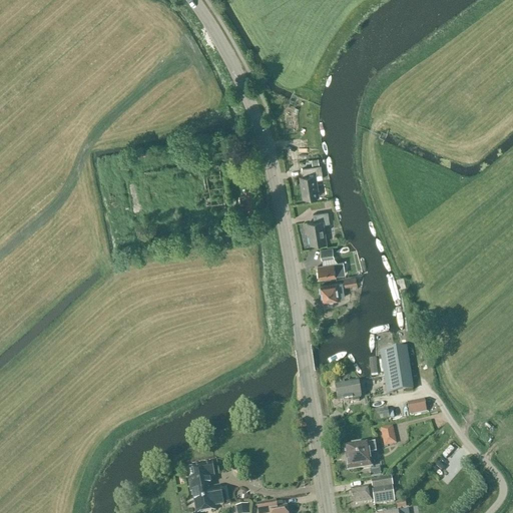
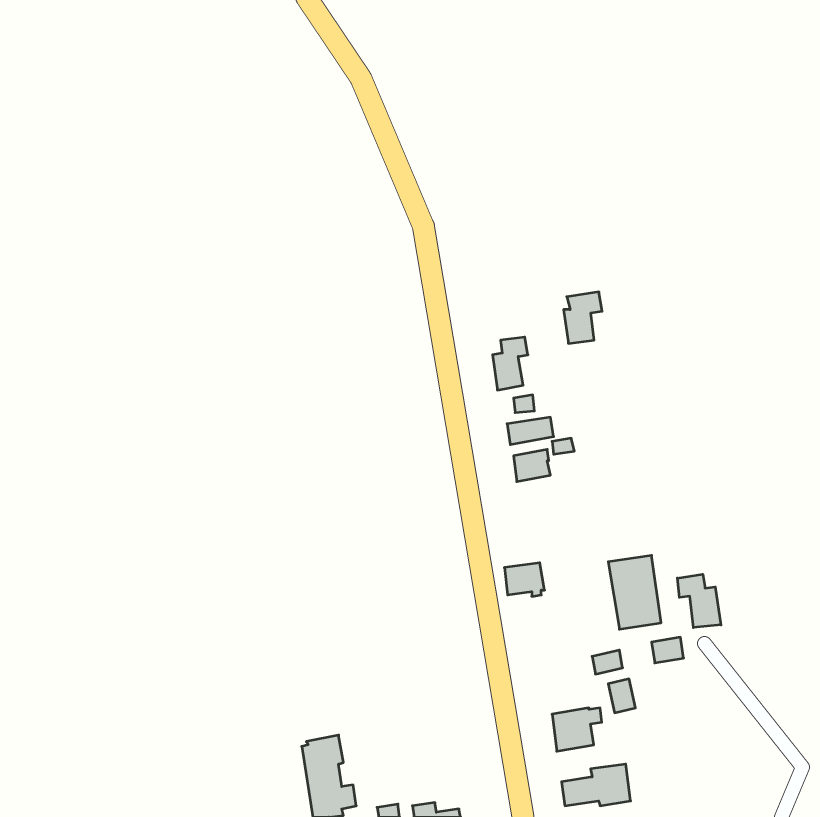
building: [300,164,324,196] -> [564,292,602,343]
building: none -> [677,574,721,628]
building: [336,380,361,401] -> [504,563,545,596]

